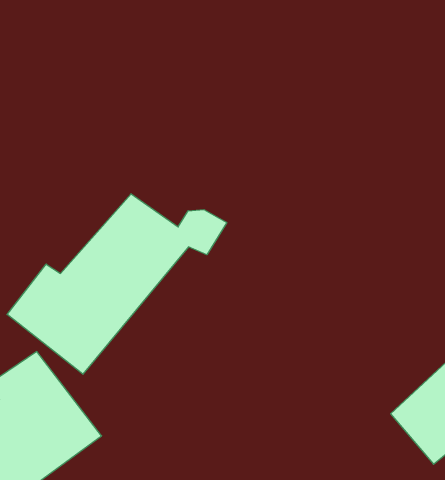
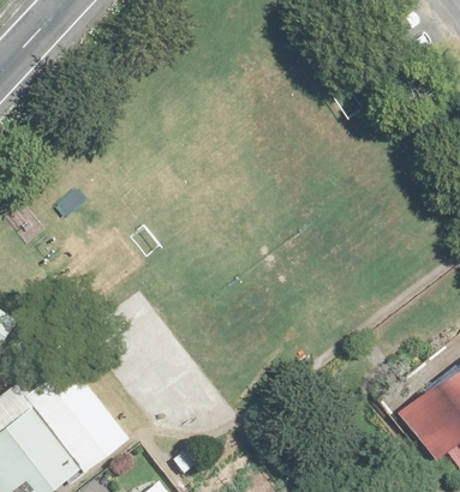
building: [7,194,227,374] -> none

